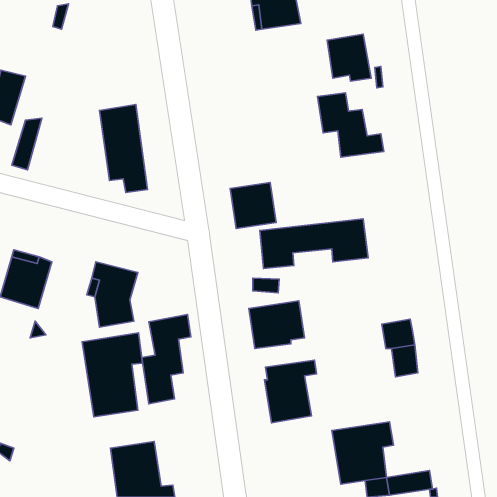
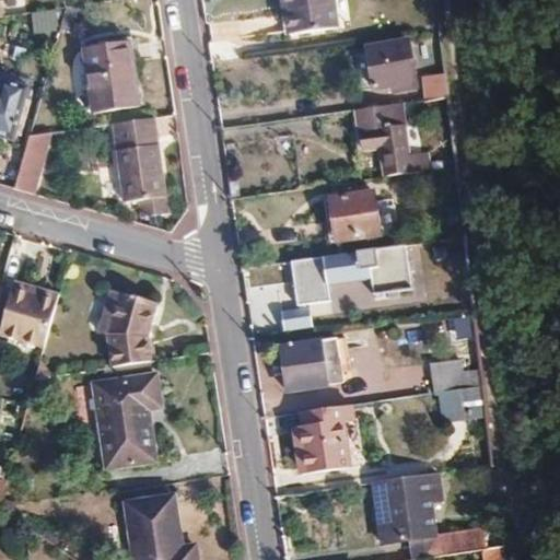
building: none -> [83,42,138,112]
building: [230,183,276,228] -> [327,189,378,241]
building: [142,314,191,404] -> none

